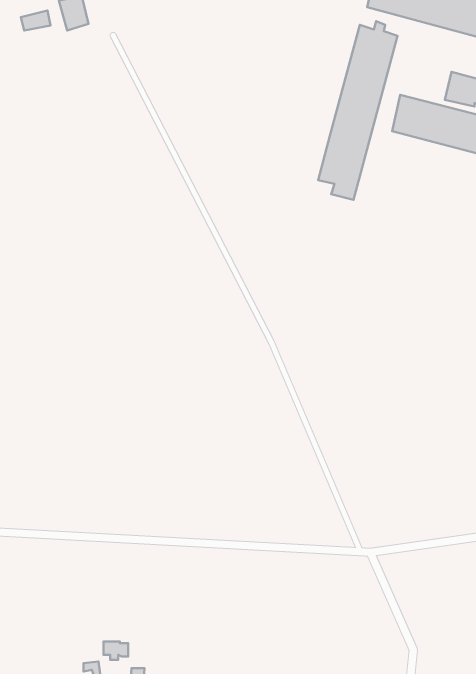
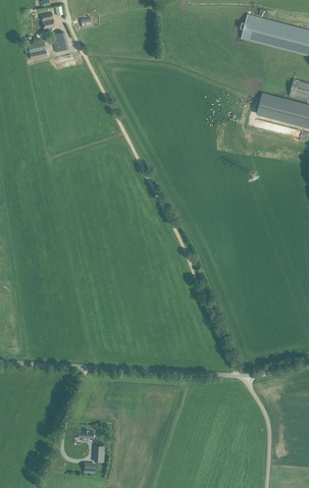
building: [318,21,398,200] -> none

